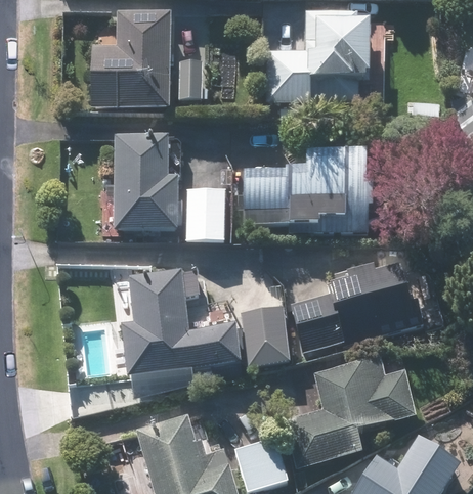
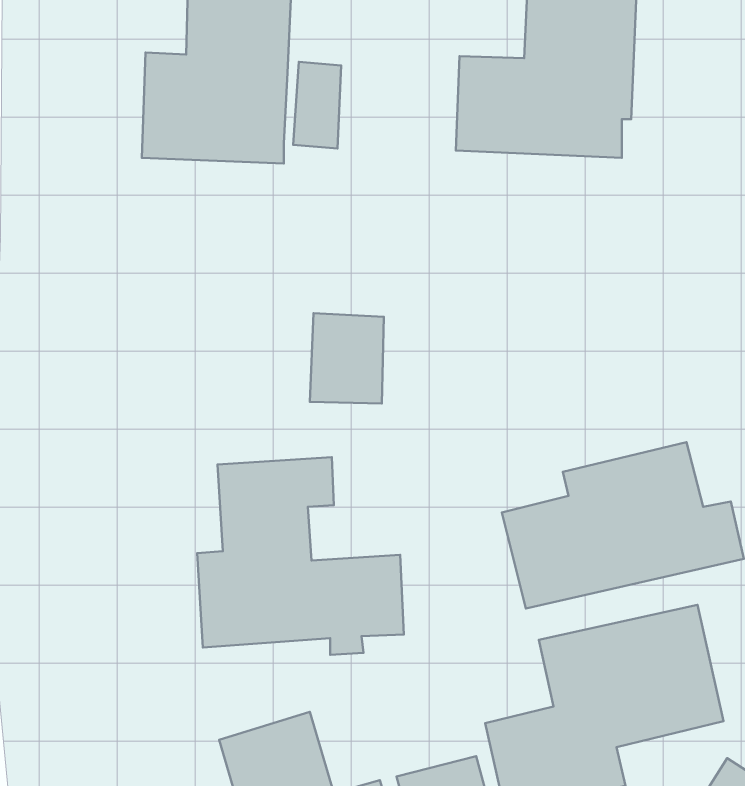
building: [111,132,180,230] -> none
building: [243,154,365,229] -> none
building: [243,308,288,364] -> none

